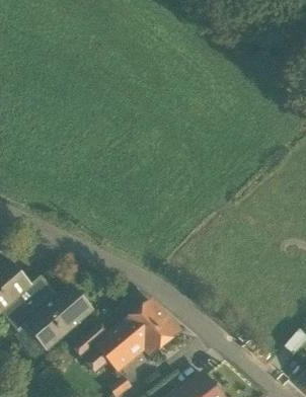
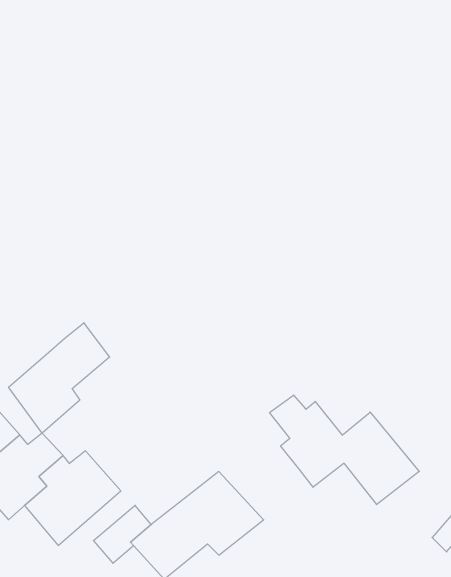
building: none -> [9,323,110,433]
building: none -> [270,395,419,505]

